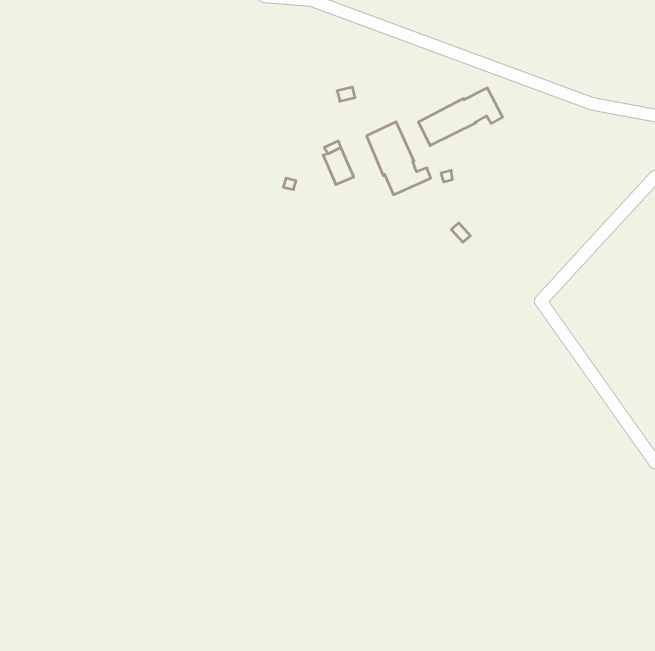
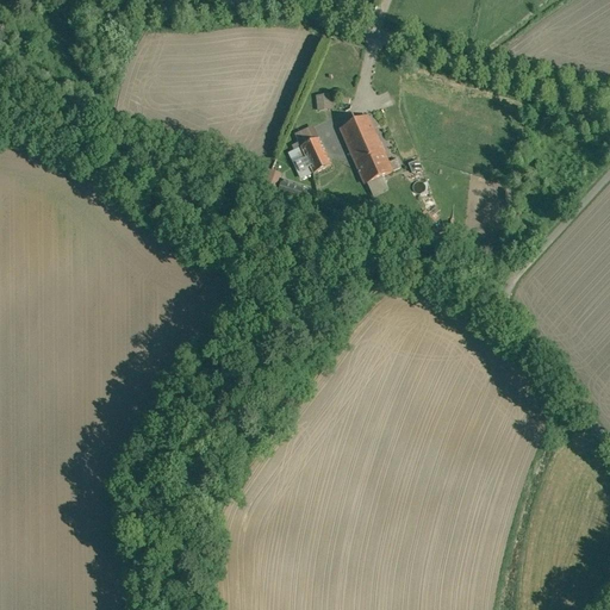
building: [419,88,503,146] -> none

